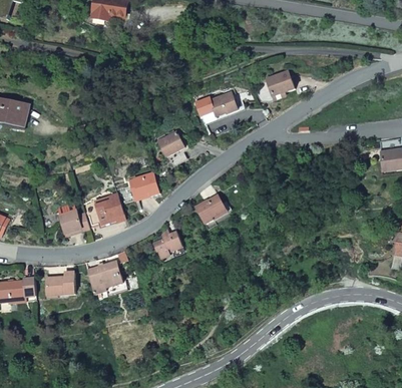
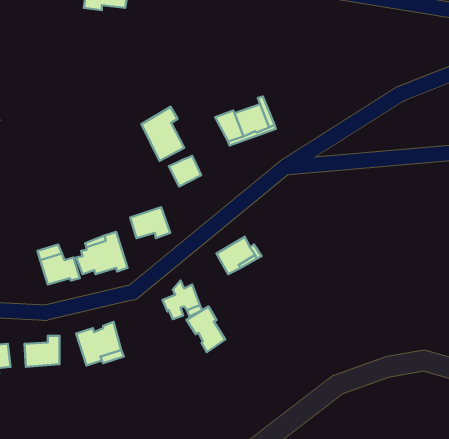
building: [266,70,293,95] -> none
building: none -> [141,107,184,161]
building: none -> [187,306,225,352]

